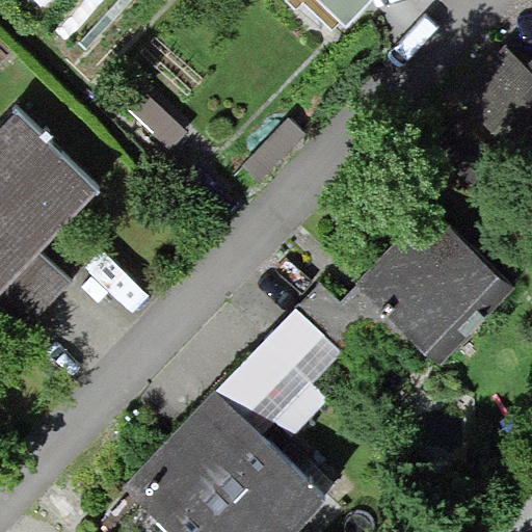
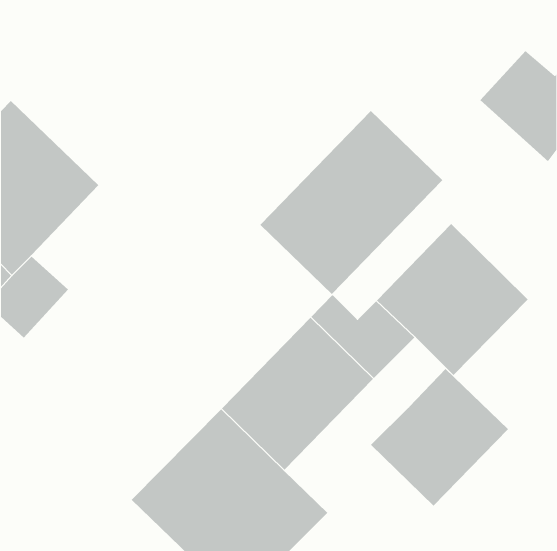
building: none -> [259,110,443,295]
building: none -> [370,368,509,507]

